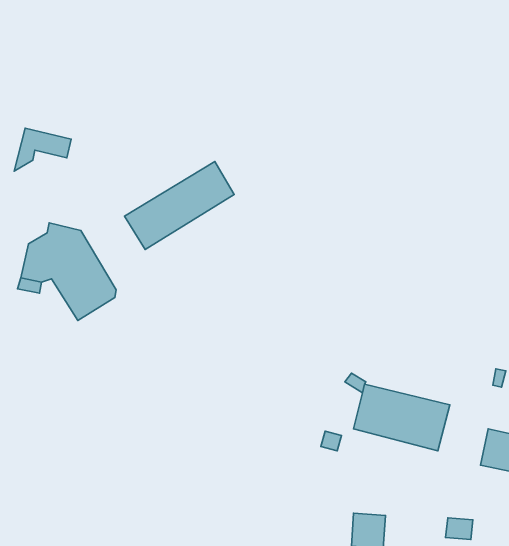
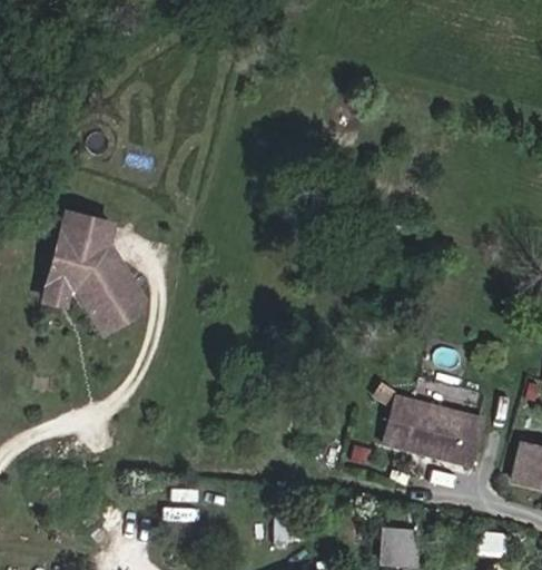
building: [14,128,71,171] -> [53,212,111,255]
building: [124,161,234,249] -> none

